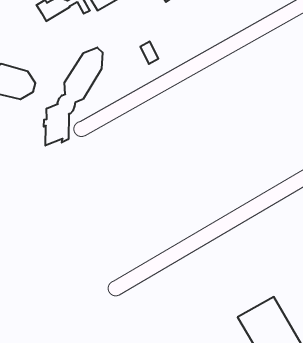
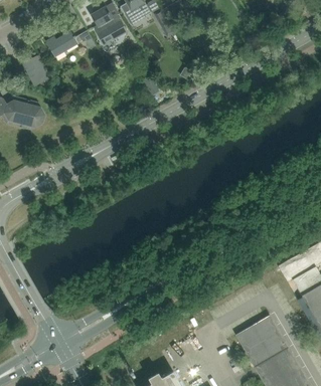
building: none -> [22,55,50,86]
building: [44,47,103,146] -> none

